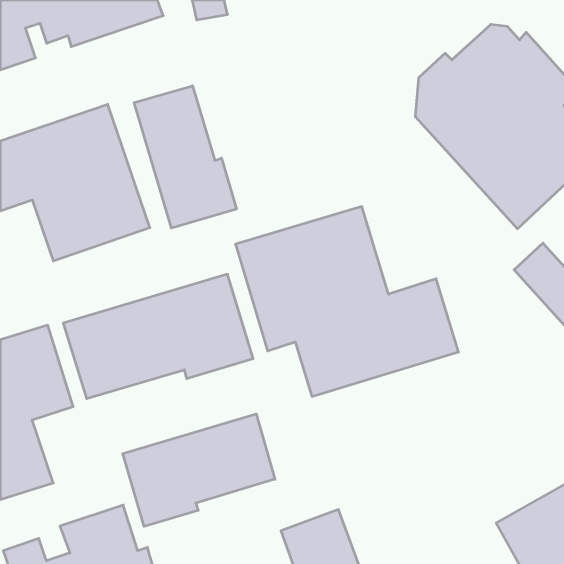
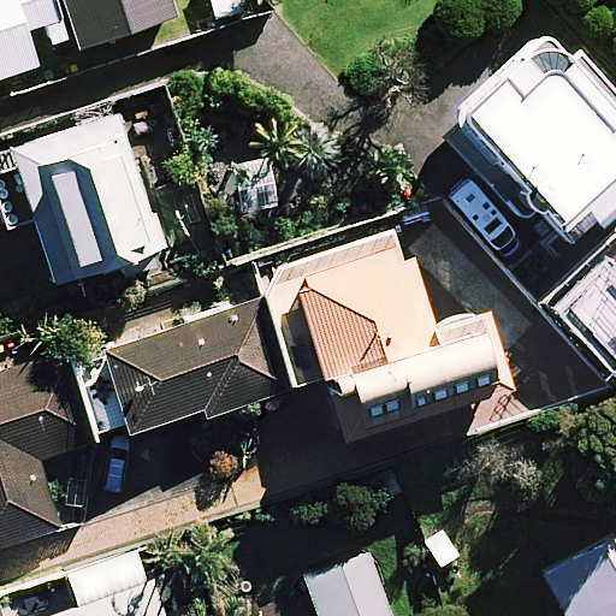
building: [134,86,236,228] -> none
building: [123,414,275,526] -> none

